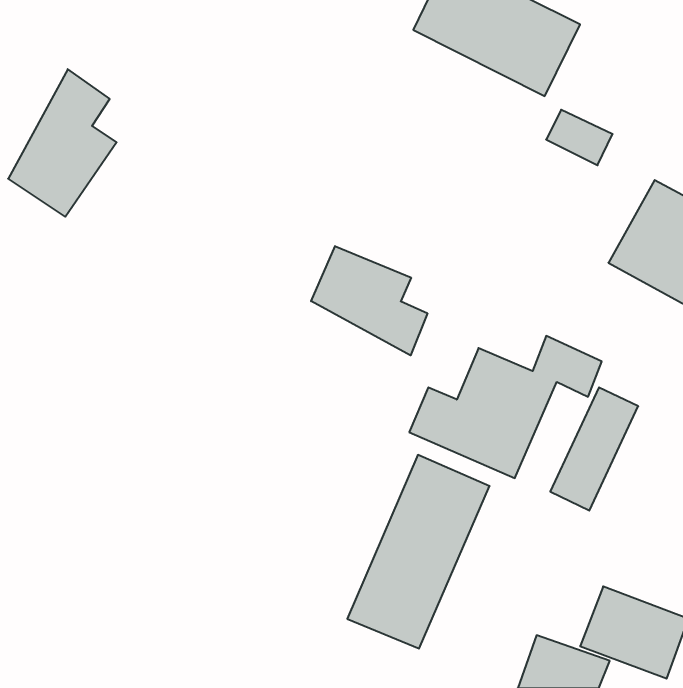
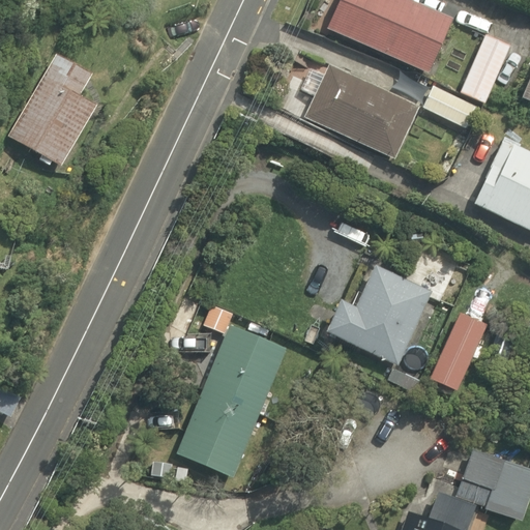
building: none -> [459,32,512,101]
building: none -> [305,64,420,159]
building: [311,246,427,355] -> none
building: [347,455,490,649] -> [180,324,289,472]

